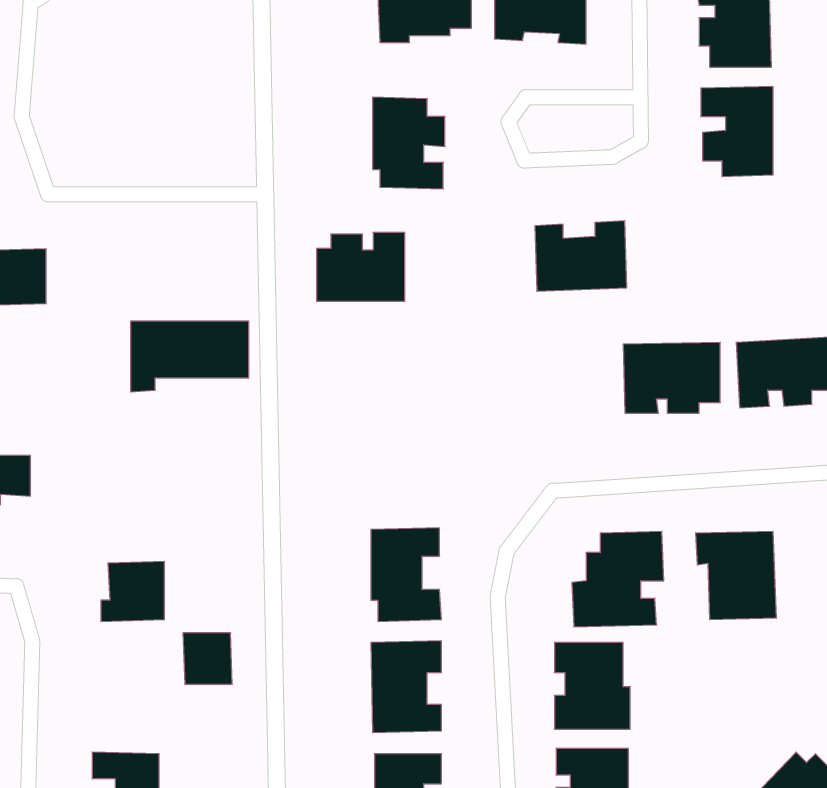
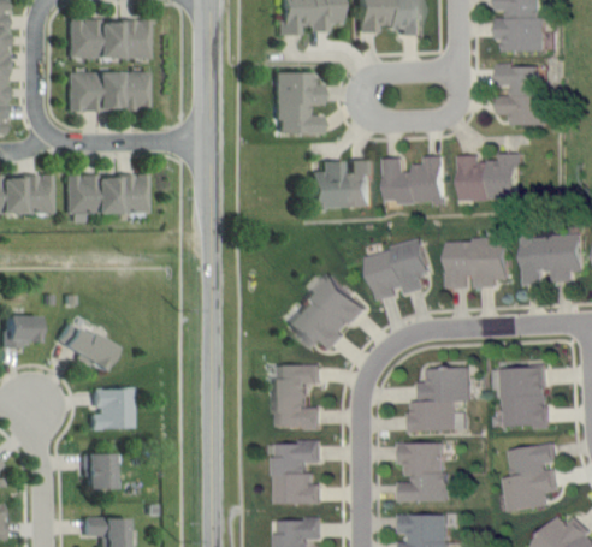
building: none -> [65,18,147,58]
building: none -> [64,71,146,111]
building: none -> [457,153,521,200]
building: [317,232,405,301] -> [309,160,369,207]
building: [131,321,249,392] -> [64,174,144,222]
building: none -> [366,238,431,298]
building: none -> [285,270,365,350]
building: none -> [53,321,116,373]
building: [183,633,232,684] -> [79,453,113,488]
building: none -> [502,442,557,512]

